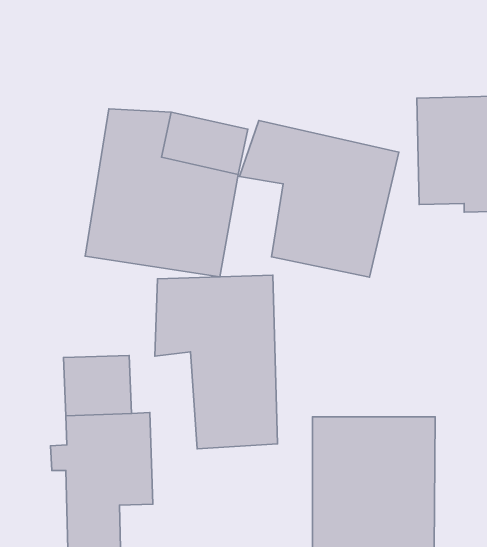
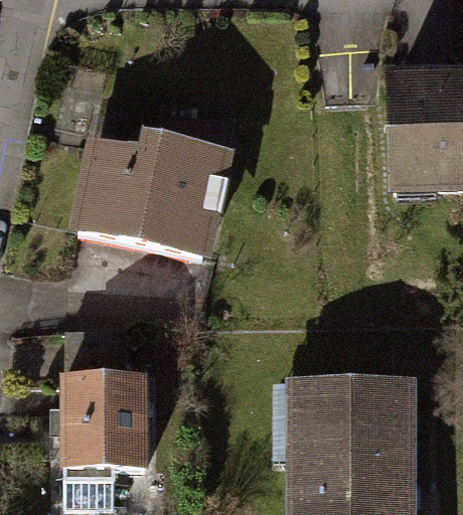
building: [240,120,399,277] -> none
building: [155,275,277,449] -> none

